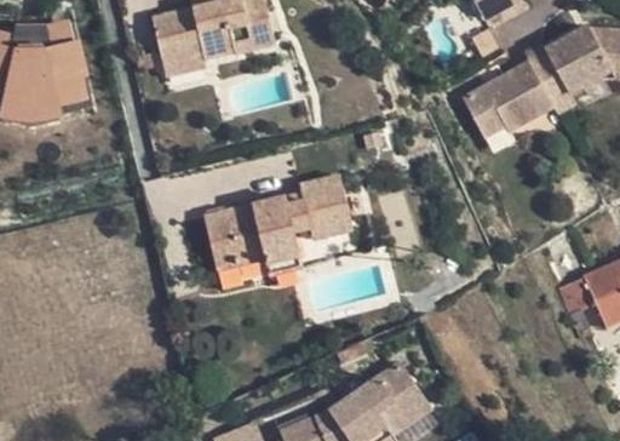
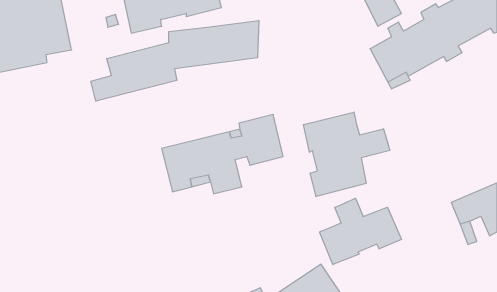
building: none -> [91,20,259,101]
building: none -> [303,112,390,197]
building: none -> [320,198,401,265]

